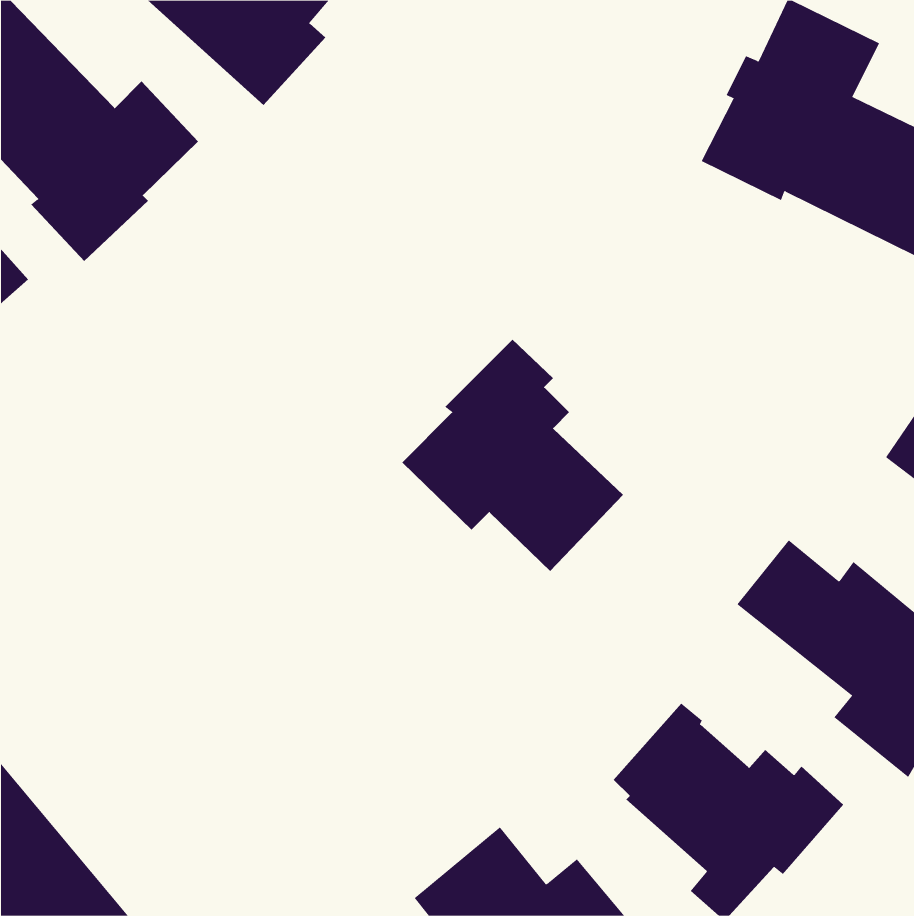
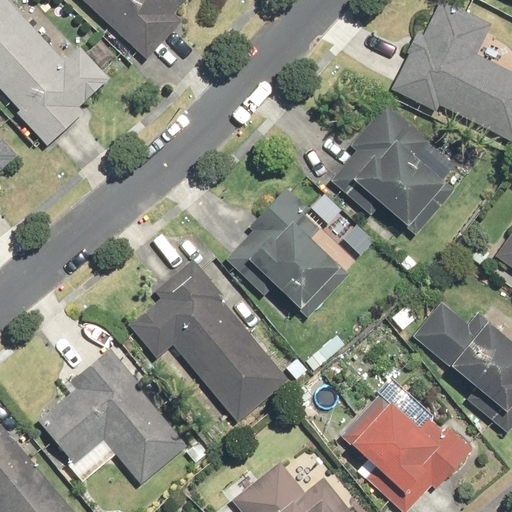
building: none -> [331,104,455,235]
building: none -> [129,259,289,423]
building: none -> [36,347,189,486]

